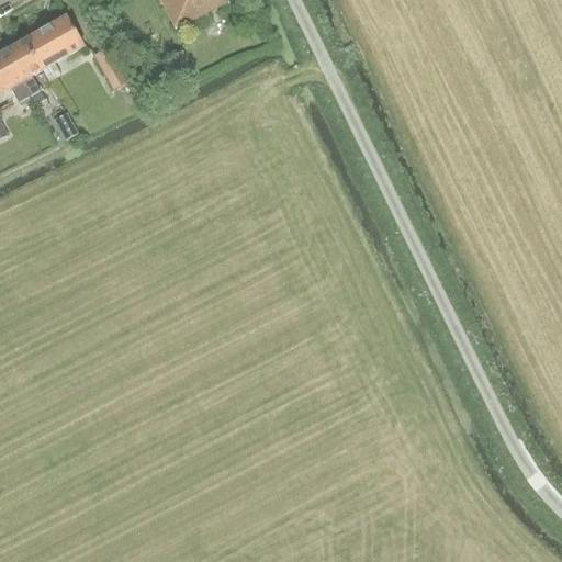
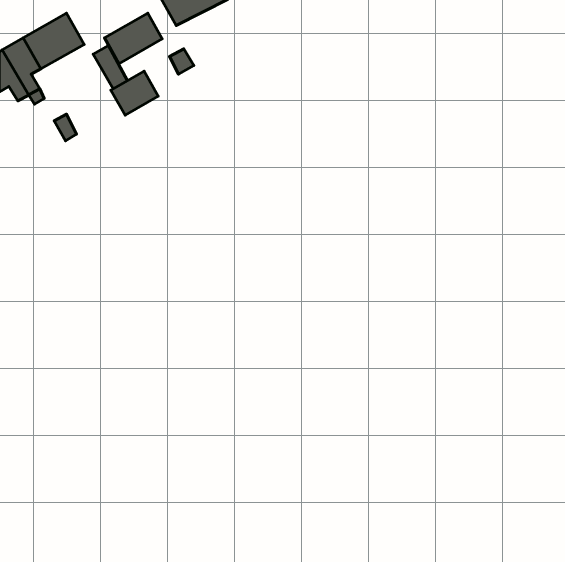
building: none -> [104,13,162,64]
building: none -> [111,71,158,115]

